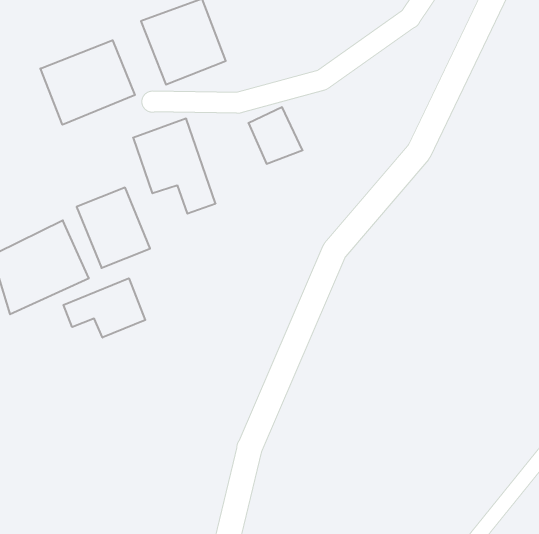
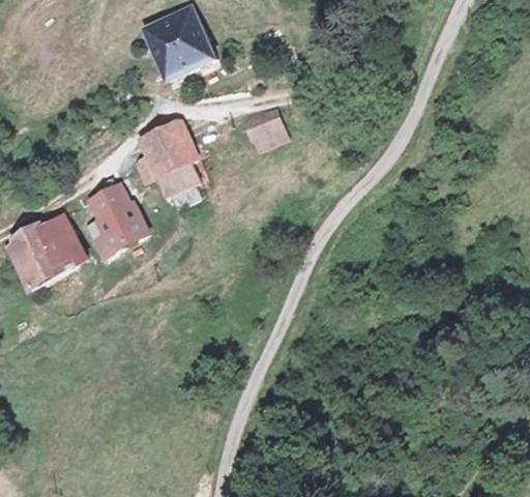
building: [40,40,135,125] -> none
building: [63,278,145,338] -> none

